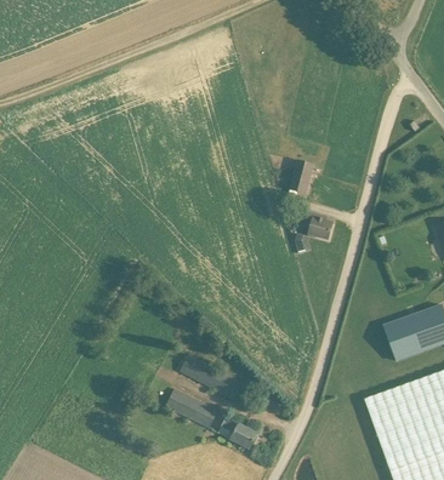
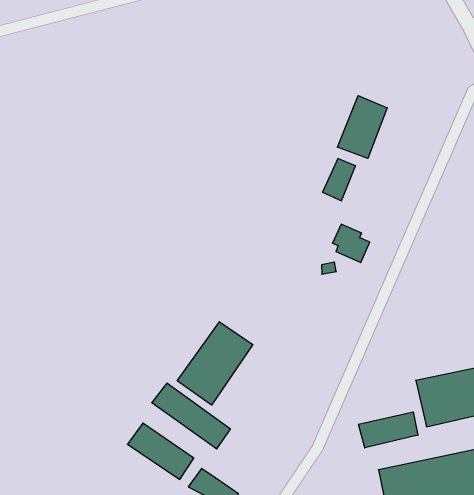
building: none -> [337,96,387,158]
building: none -> [177,322,253,405]
building: none -> [358,412,418,448]

